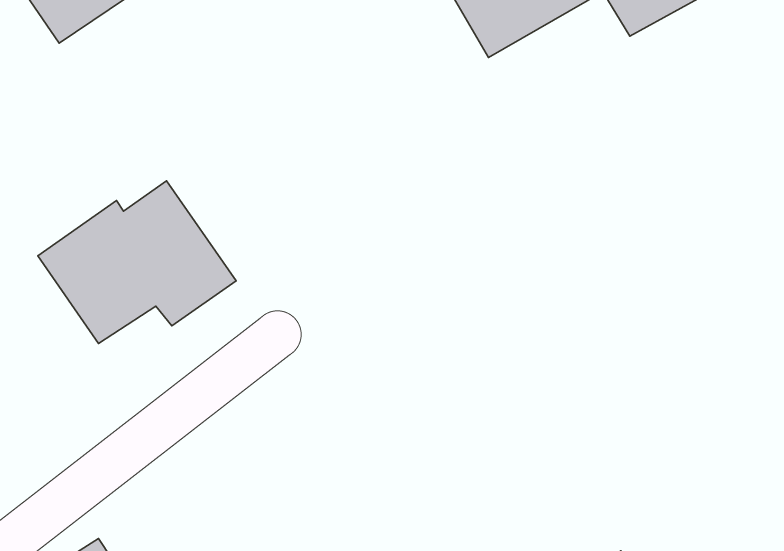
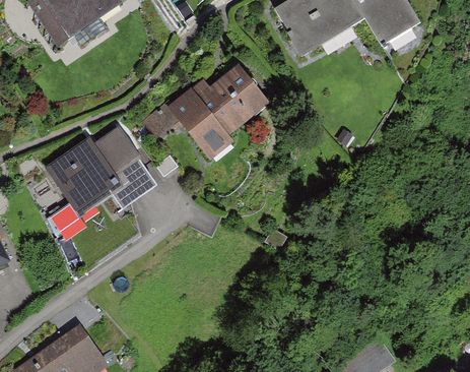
building: none -> [142,63,270,158]

